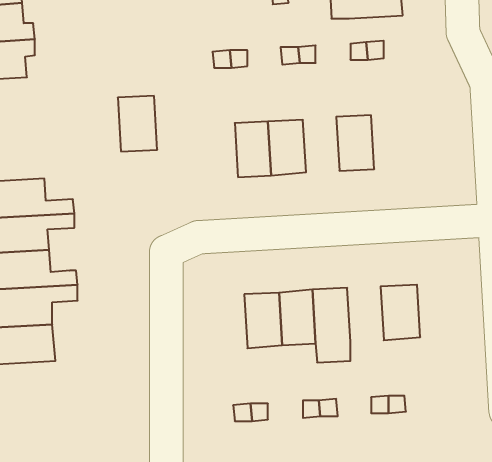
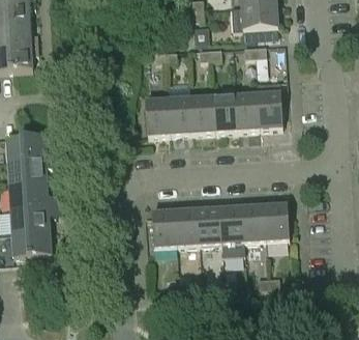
building: [118,96,157,151] -> [144,98,170,135]
building: none -> [256,82,281,129]
building: none -> [212,94,236,131]
building: none -> [241,205,265,242]
building: none -> [151,210,176,247]

